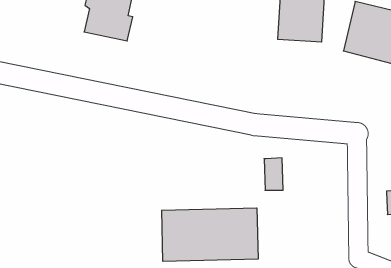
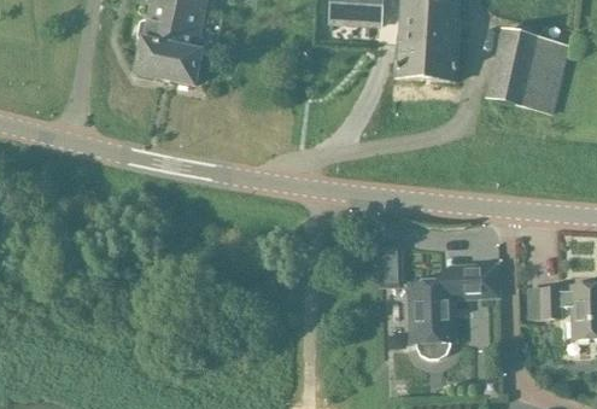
building: none -> [412,259,502,356]
building: [162,208,258,261] -> none

